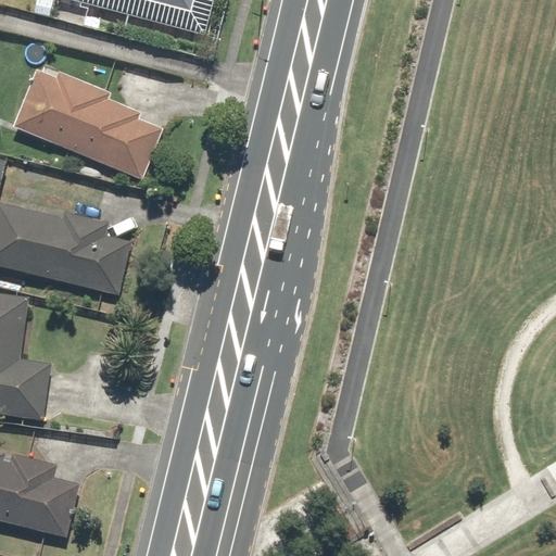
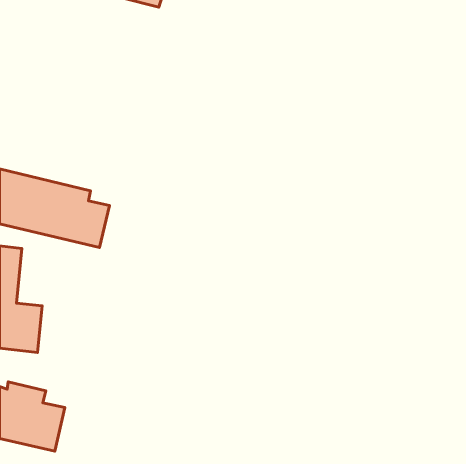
building: [13,65,160,179] -> none

